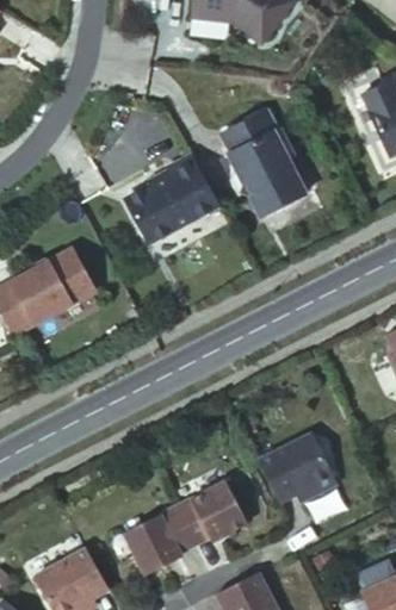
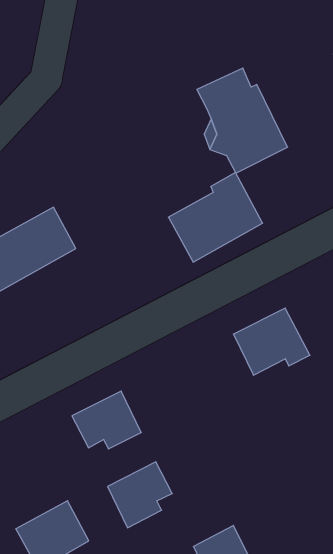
building: [123,152,218,243] -> [168,172,263,262]
building: [261,432,339,500] -> [233,308,310,375]
building: [178,483,248,541] -> [72,391,141,449]

